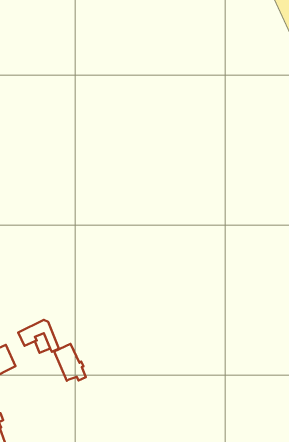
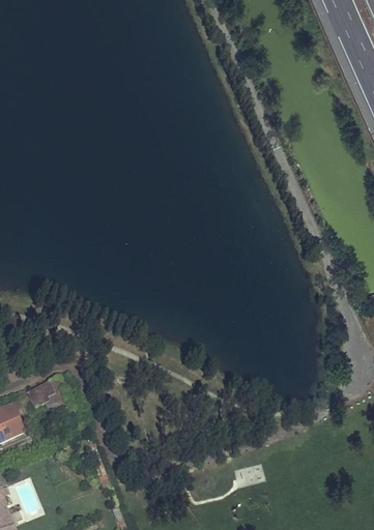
building: [54,344,86,381] -> none

